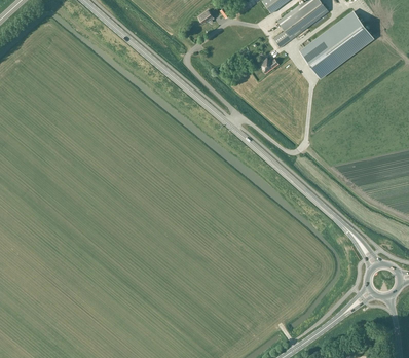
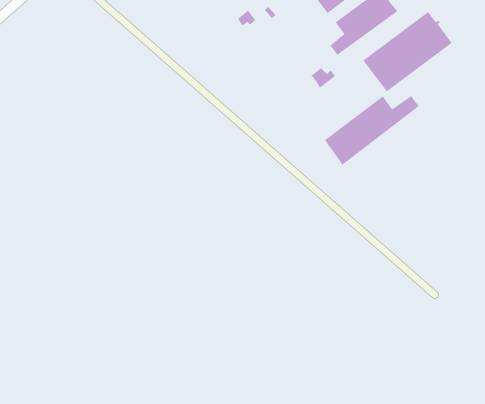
building: none -> [324,95,420,165]

